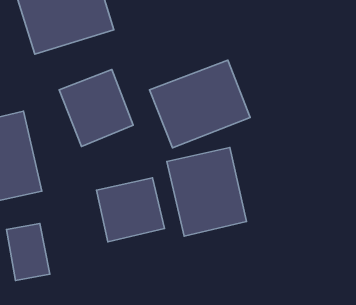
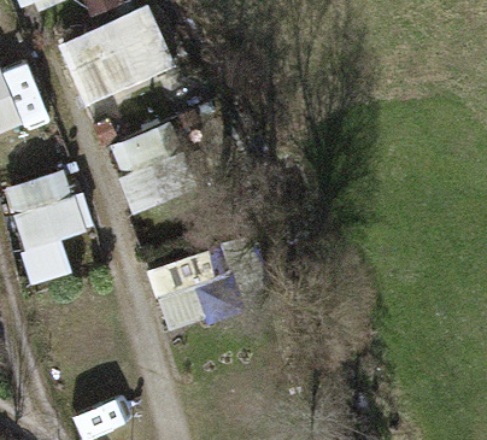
building: [149,60,250,148] -> none
building: [167,147,247,236] -> none

